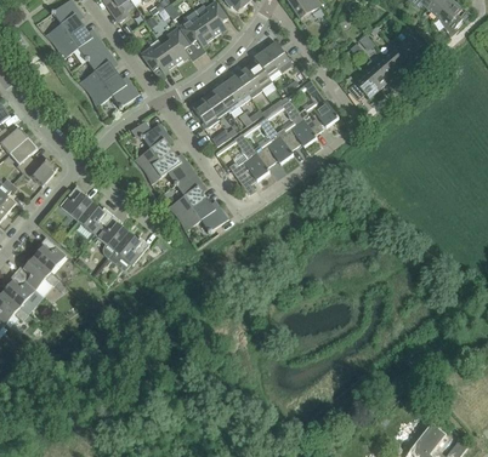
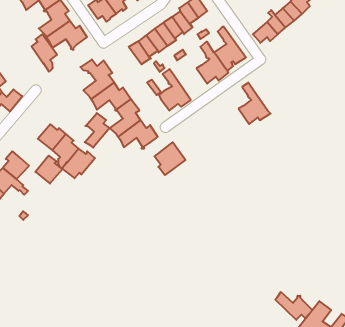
building: none -> [32,34,57,72]
building: [252,115,293,167] -> [239,83,271,124]
building: [58,184,92,219] -> [35,156,63,184]
building: none -> [85,113,109,148]
building: none -> [154,142,185,175]
building: none -> [275,292,312,320]

